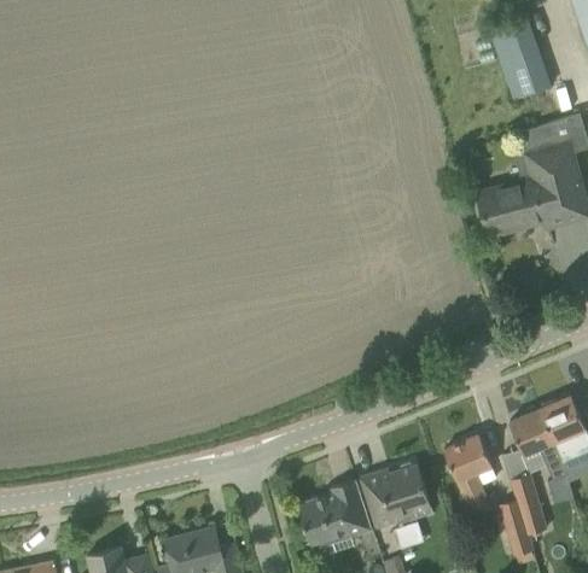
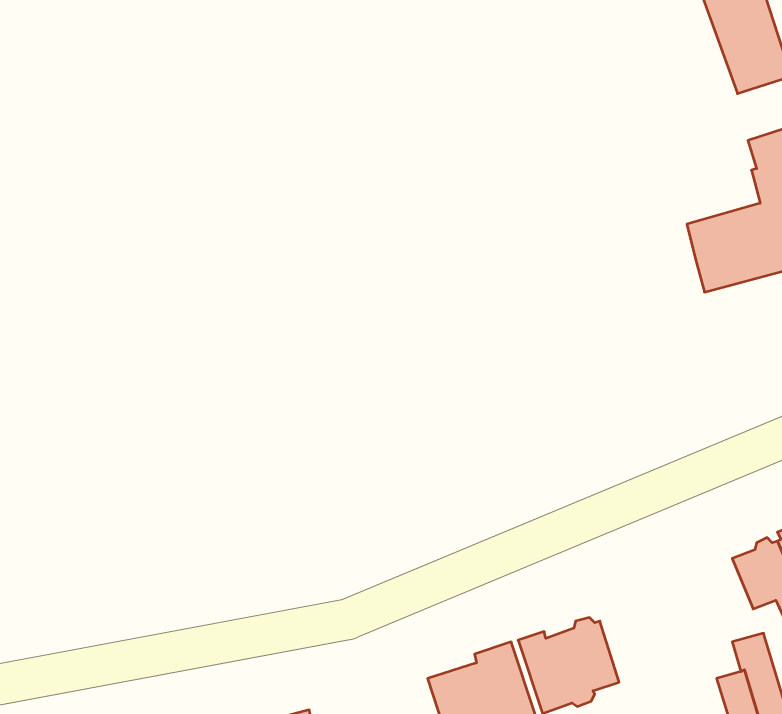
building: [444,435,493,502] -> none

